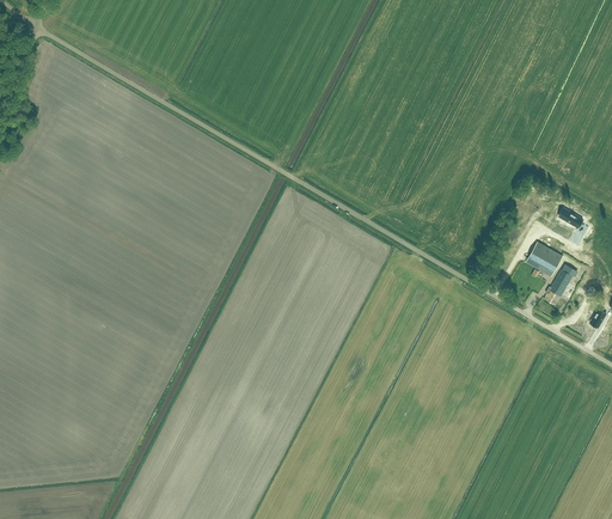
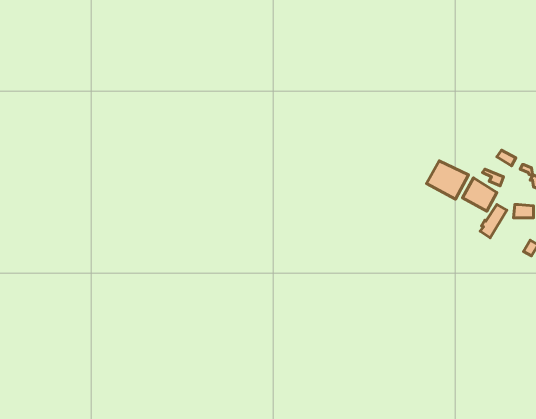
building: none -> [426,161,468,199]

